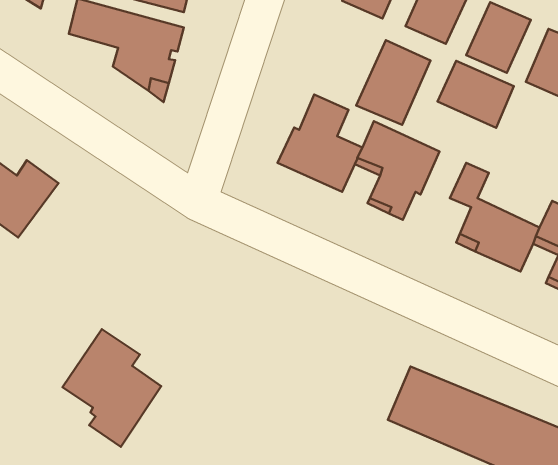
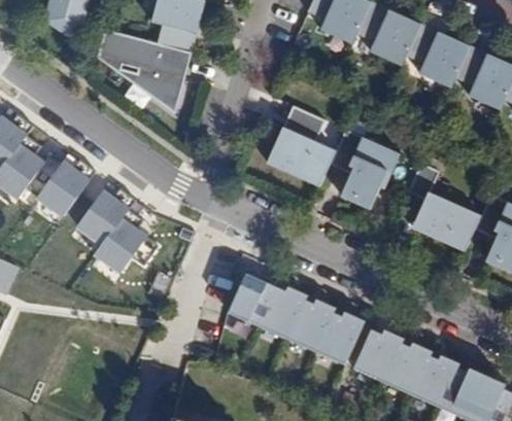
building: [356,40,431,125] -> none
building: [438,61,514,128] -> none
building: none -> [231,273,367,366]
building: [62,329,161,447] -> [70,187,150,283]

